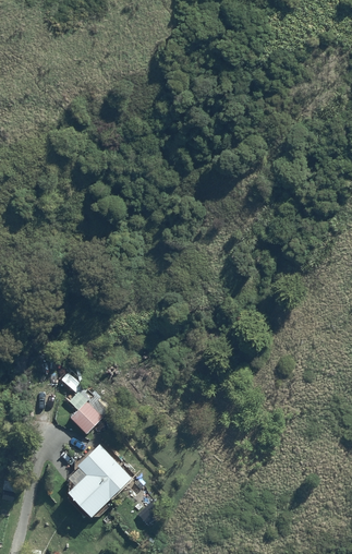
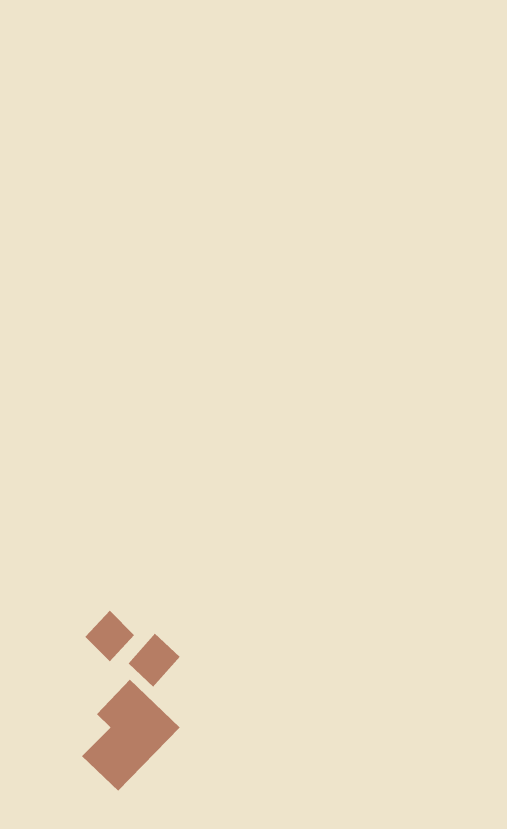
building: none -> [128,633,180,687]

